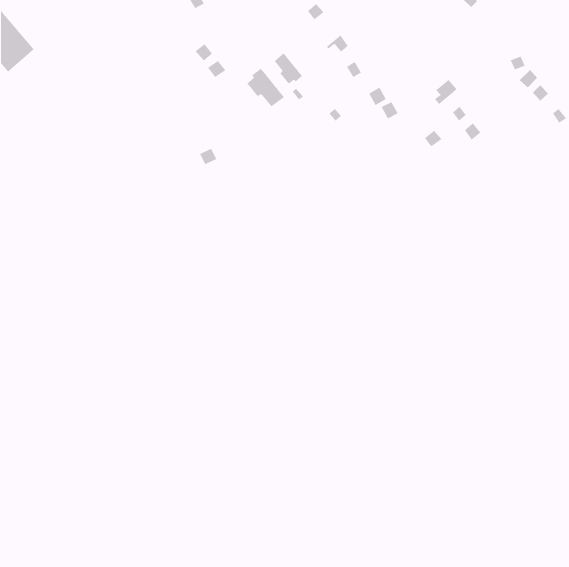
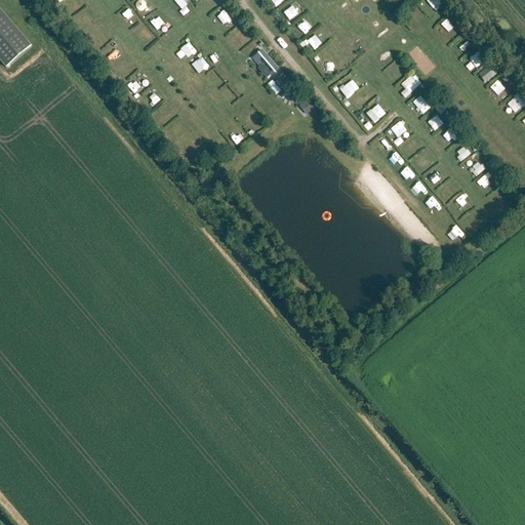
building: [246,68,285,107] -> none

